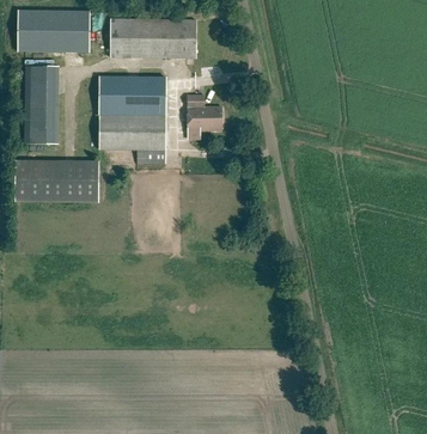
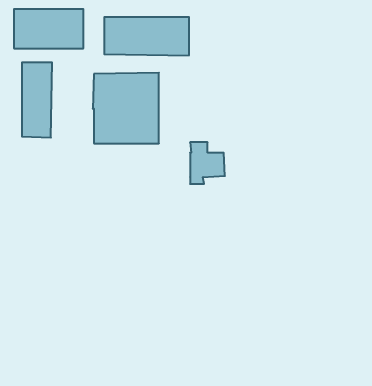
building: [187,96,222,139] -> [190,142,225,184]
building: [14,160,99,201] -> none

